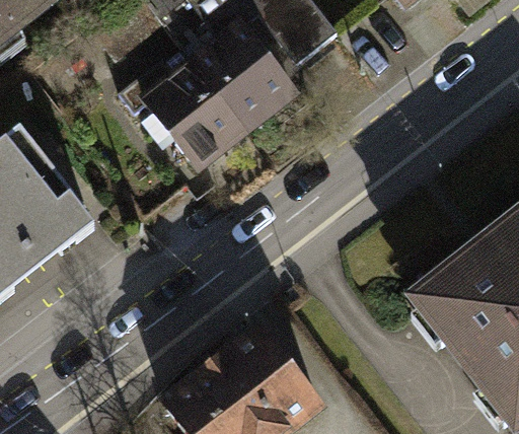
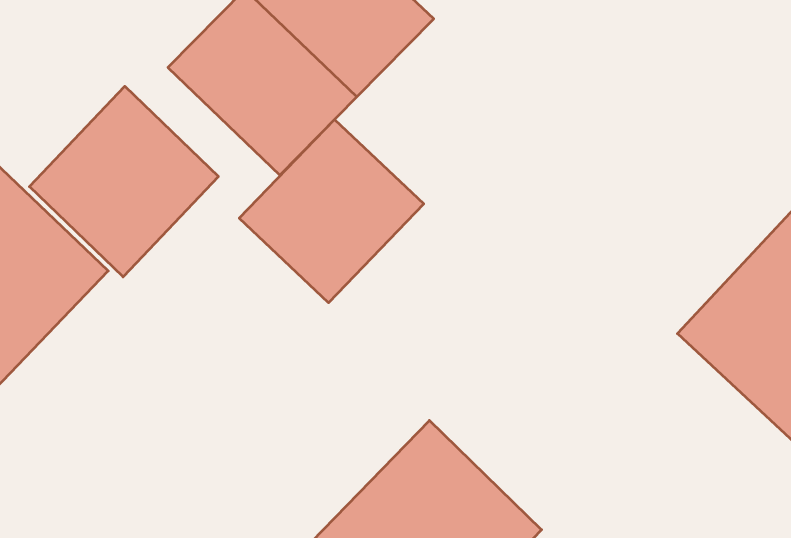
building: none -> [29,86,218,277]
building: none -> [239,119,424,303]

